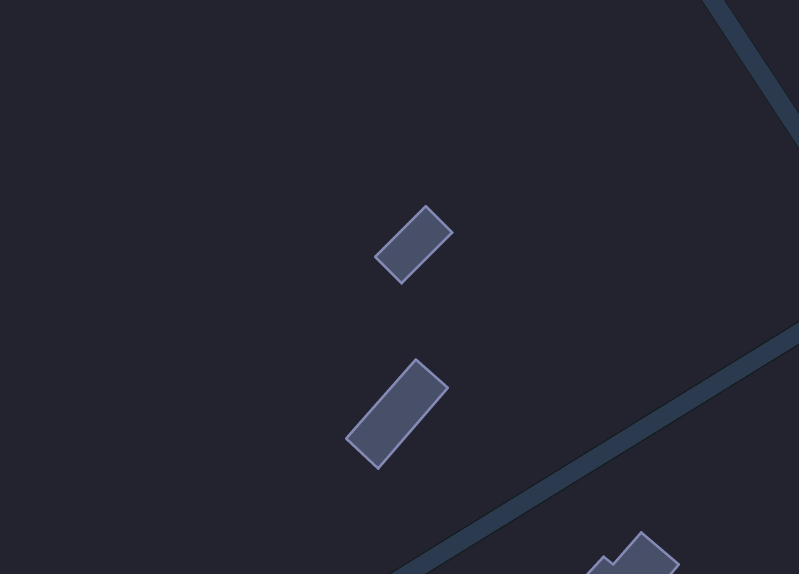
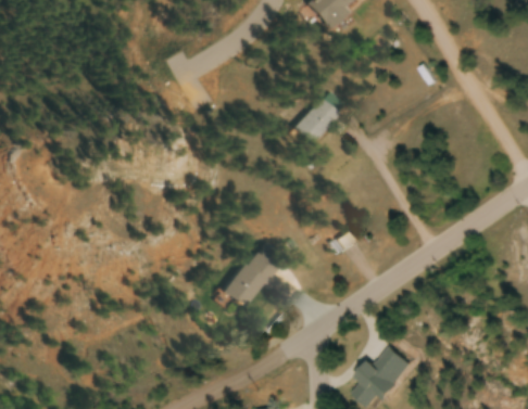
building: [375,206,452,283] -> [292,100,337,144]

